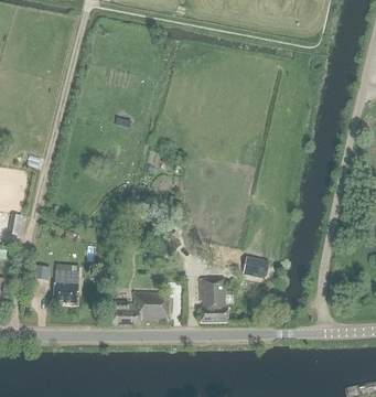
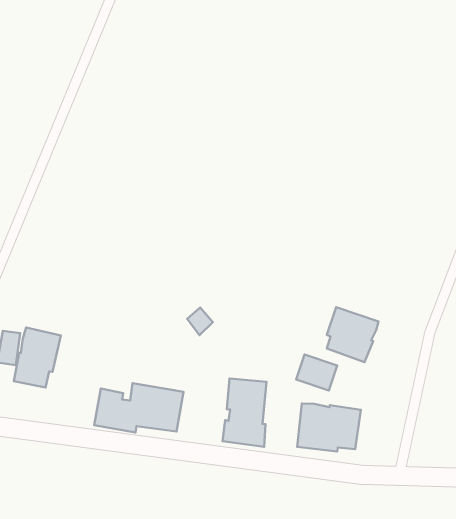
building: none -> [327,307,378,362]
building: none -> [297,403,361,451]

